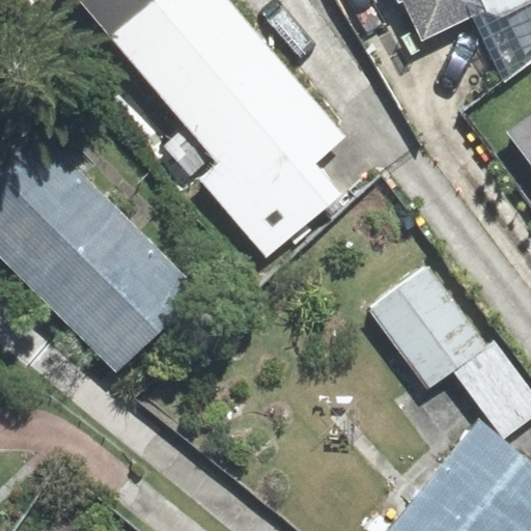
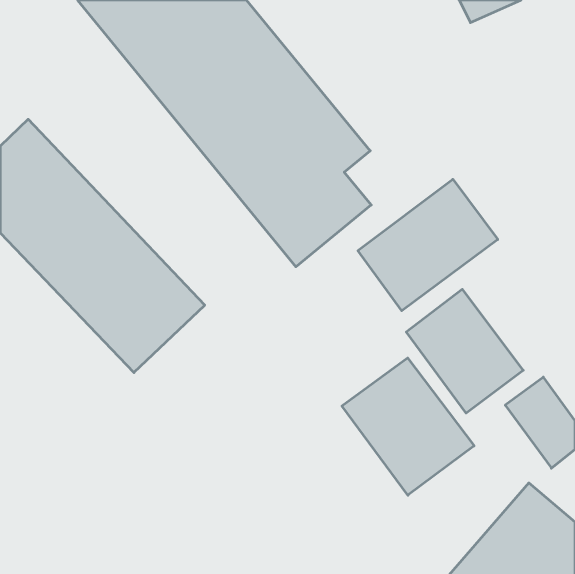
building: none -> [358,179,498,311]
building: none -> [342,358,474,495]

